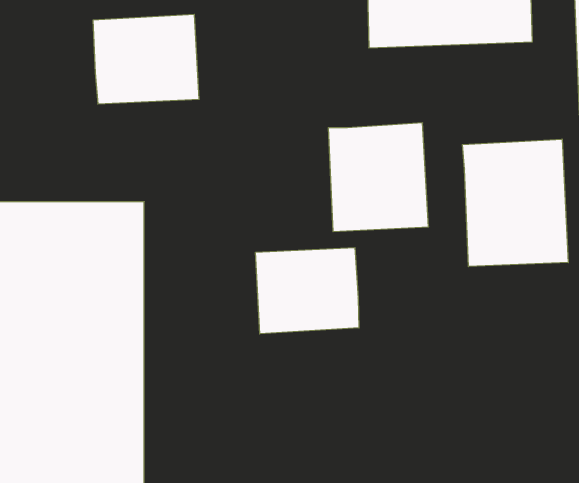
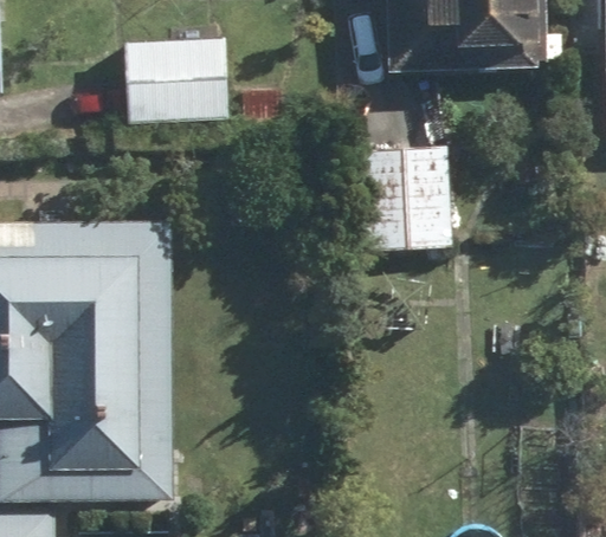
building: [462,139,568,267] -> none
building: [256,248,359,334] -> none

